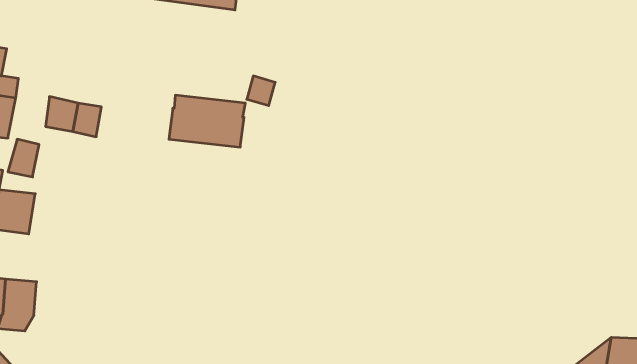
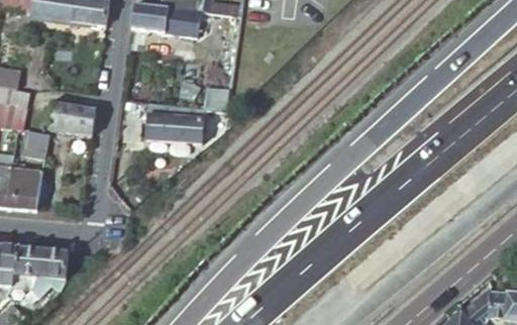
building: none -> [29,247,69,298]

